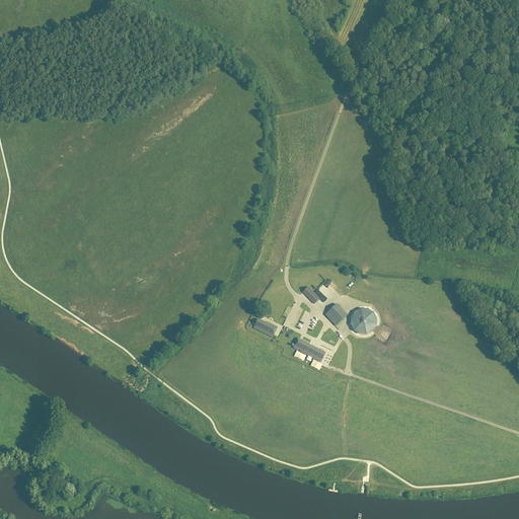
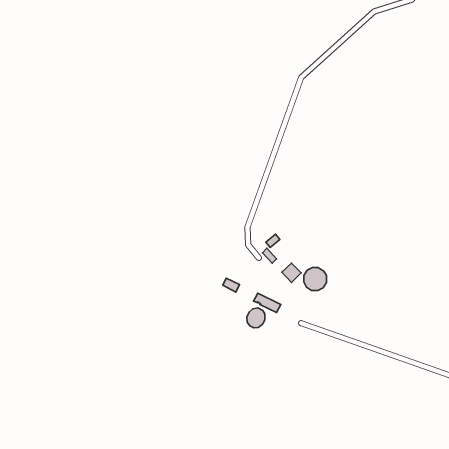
building: none -> [247,308,265,328]

